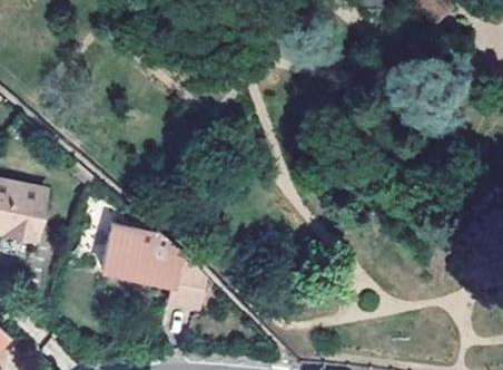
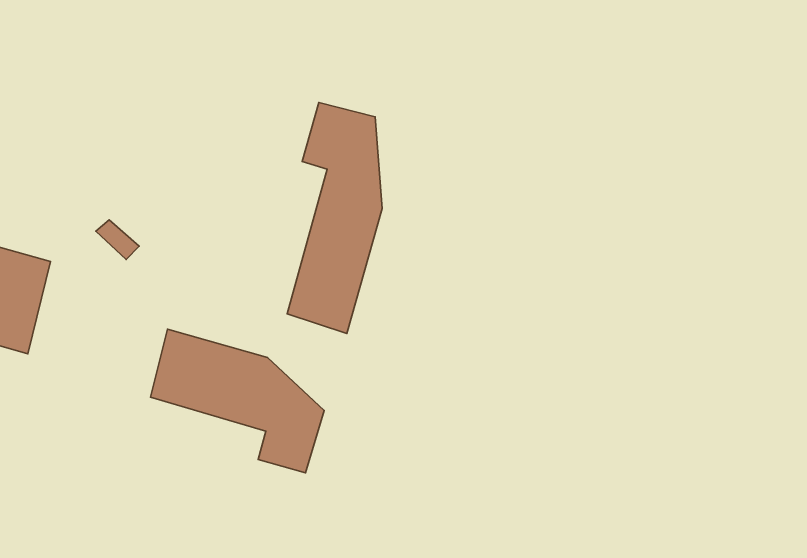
building: none -> [287,102,382,334]

